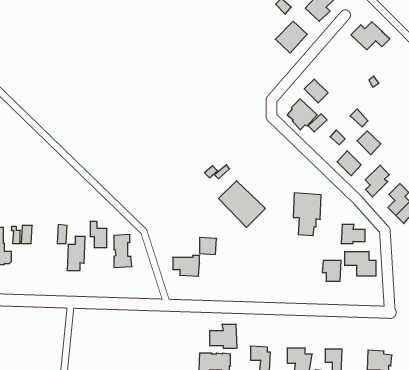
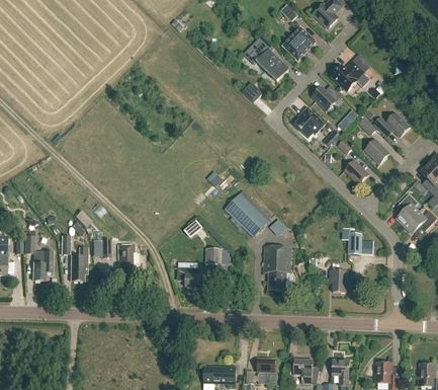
building: [351,22,390,50] -> [331,62,370,90]
building: none -> [256,43,288,81]
building: none -> [374,111,410,136]
building: [365,165,389,197] -> none
building: [293,193,321,236] -> [264,246,292,290]
building: none -> [33,251,52,281]
building: [345,251,376,276] -> none
building: [210,324,237,348] -> none

